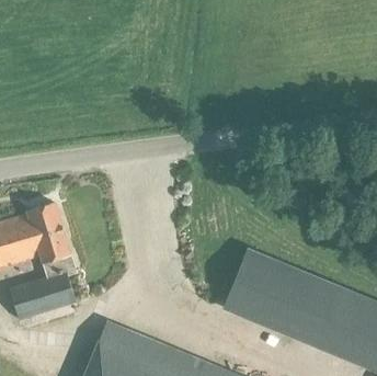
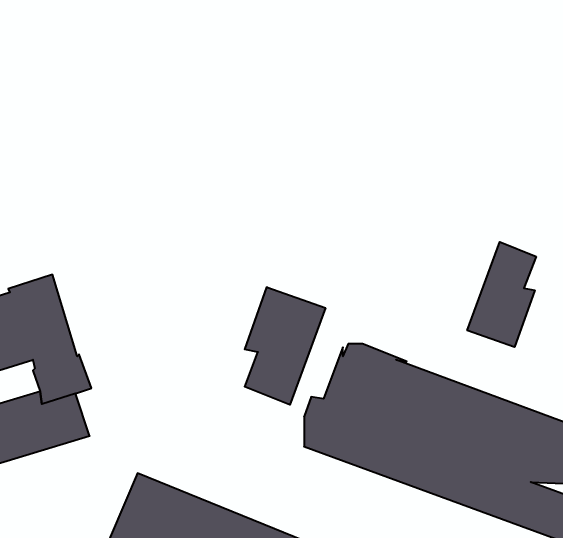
building: none -> [467,242,536,347]
building: none -> [245,287,325,405]

